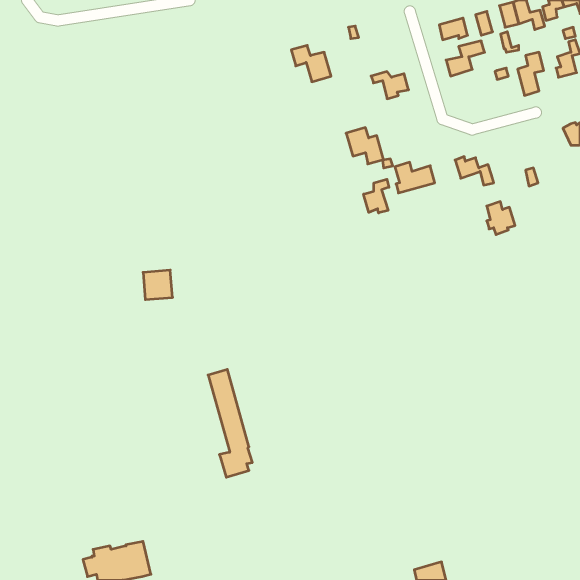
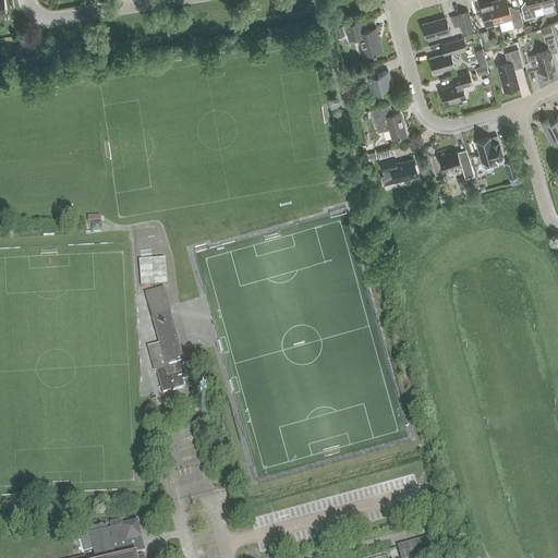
building: [291,45,331,82] -> [344,21,383,56]
building: none -> [440,73,471,105]
building: [346,128,384,164] -> [371,105,407,140]
building: [364,179,389,213] -> none
building: [487,202,515,235] -> [476,137,504,169]
building: [208,369,252,477] -> [144,289,186,392]

